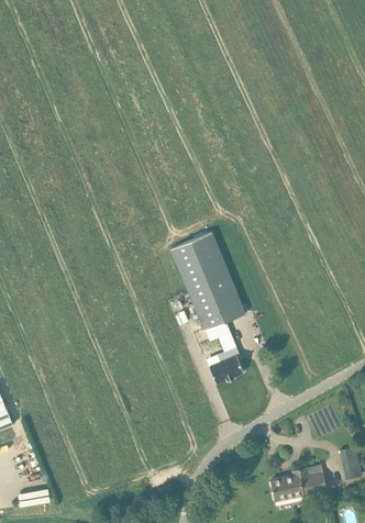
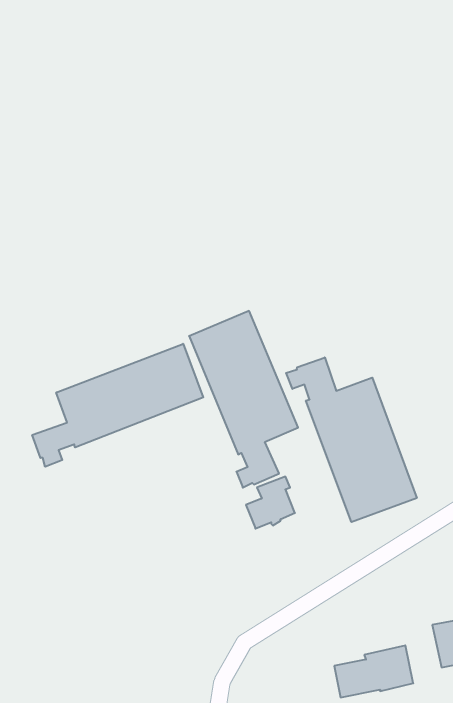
building: none -> [32,344,203,467]
building: none -> [286,357,417,522]

